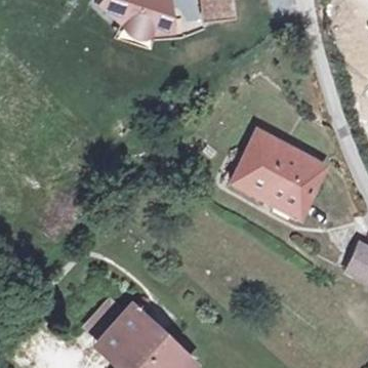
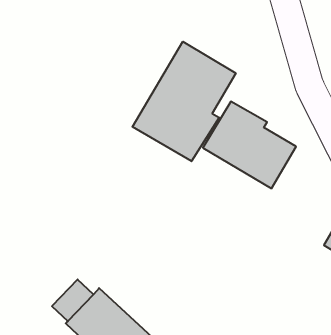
building: none -> [132,42,236,161]

